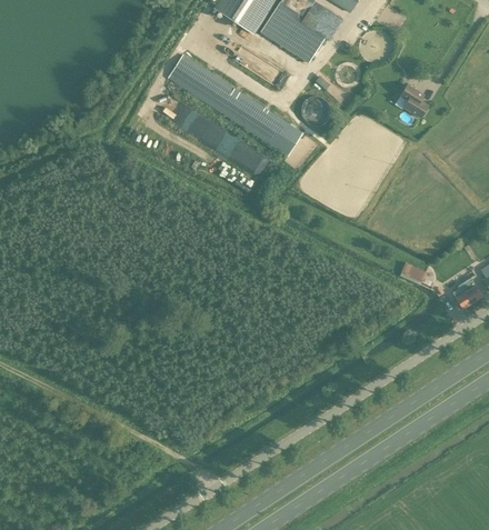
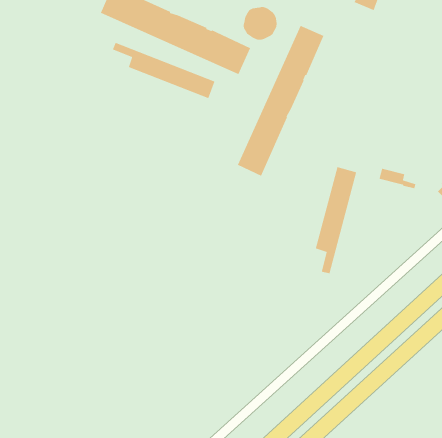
building: none -> [237,25,324,177]
building: none -> [315,166,357,274]

